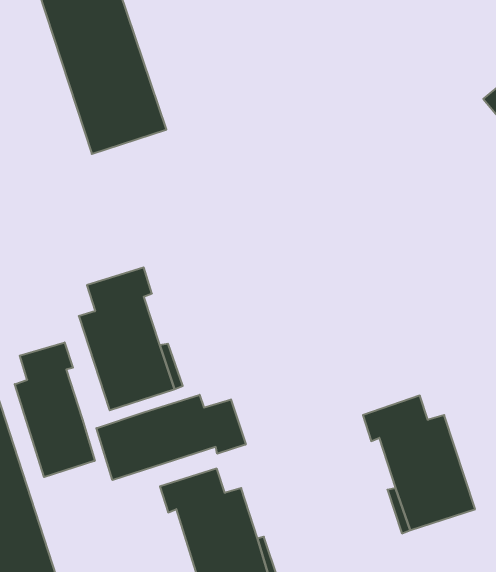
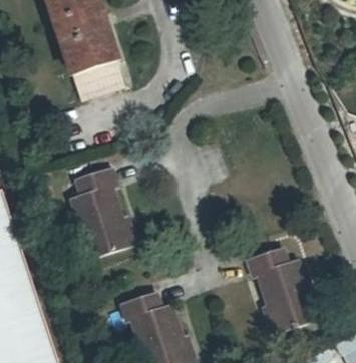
building: [15,342,95,477] -> none
building: [96,395,246,480] -> none

